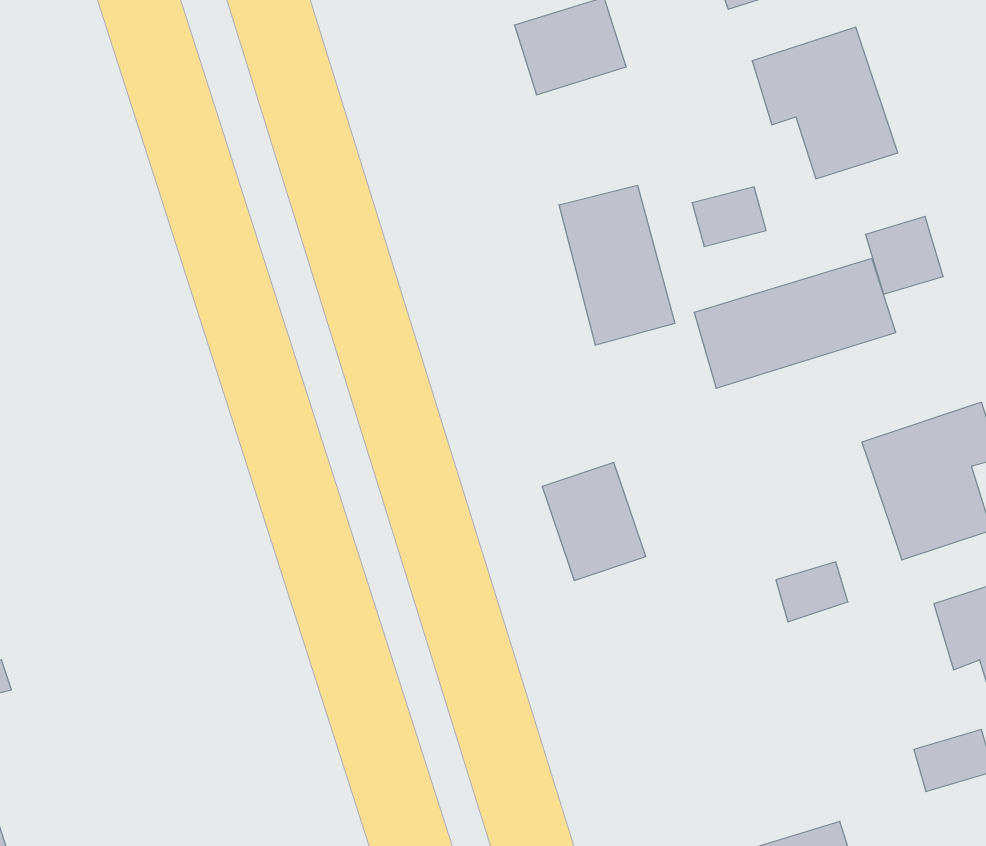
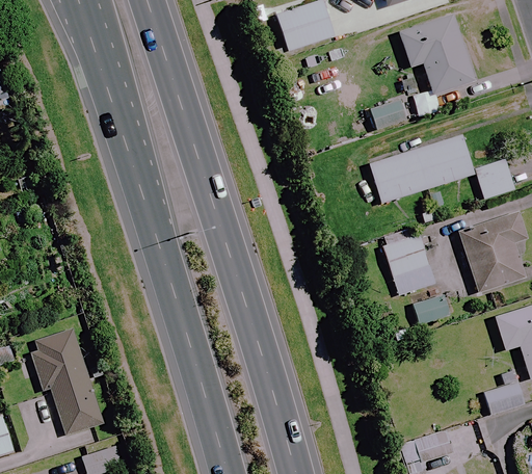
building: [559,185,675,345] -> none
building: [865,216,943,294] -> [474,159,514,200]
building: [542,463,646,580] -> [382,234,436,295]
building: none -> [29,330,104,437]

